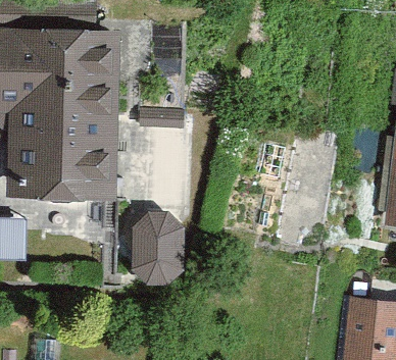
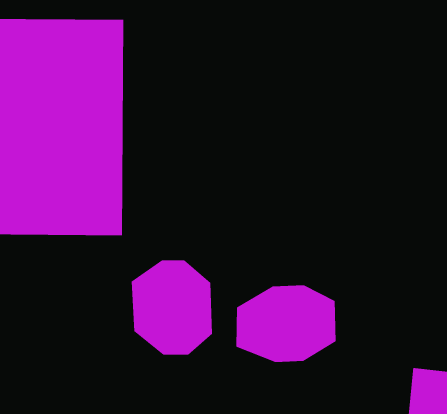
building: none -> [236,284,336,363]

